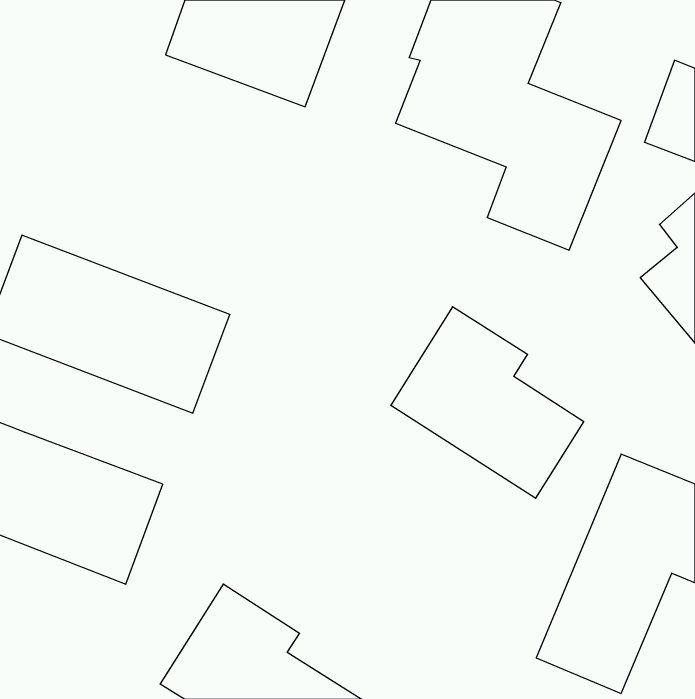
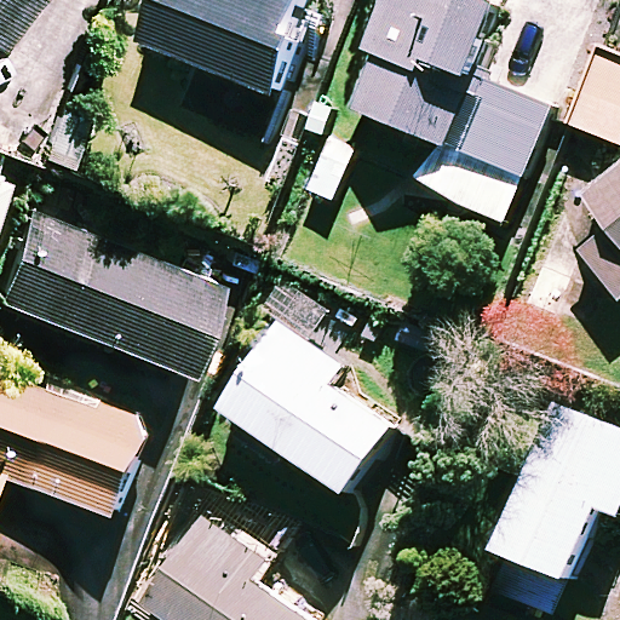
building: [391,307,584,498] -> [216,322,386,492]

